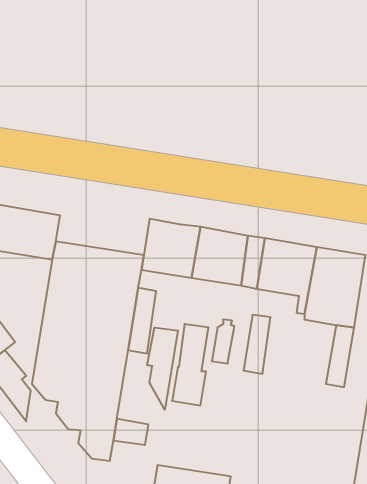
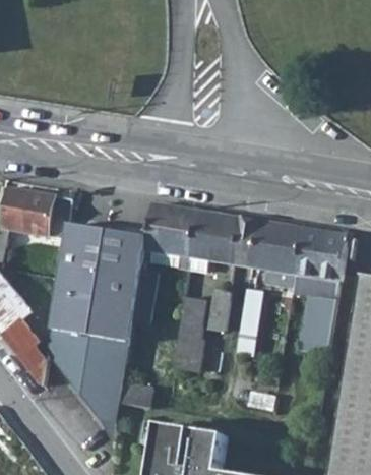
building: [147,327,178,410] -> none

